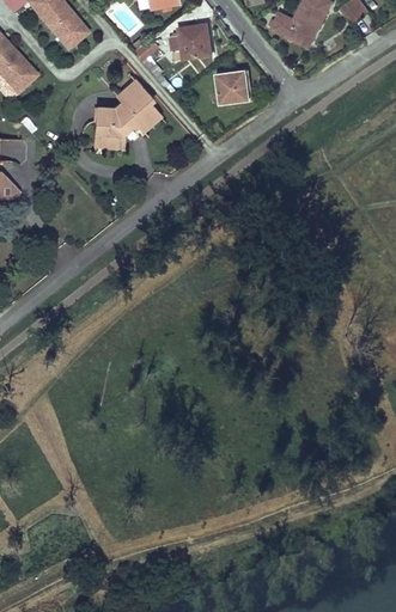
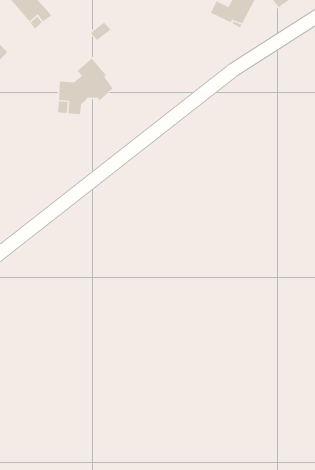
building: [170,25,211,59] -> none
building: [217,71,250,103] -> none

